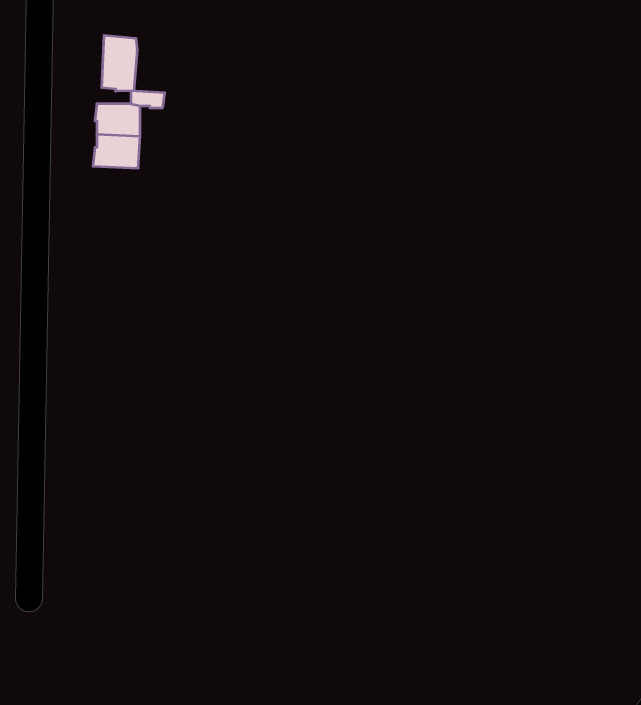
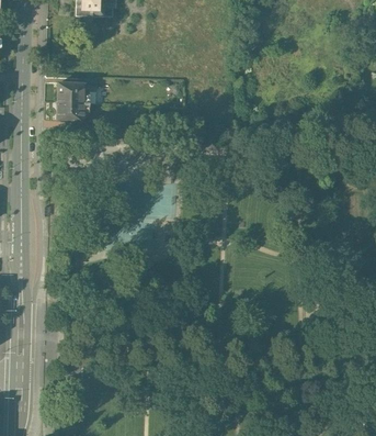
building: [102,35,137,91] -> none

